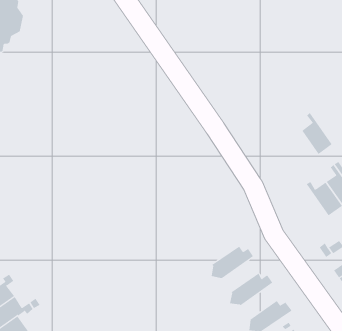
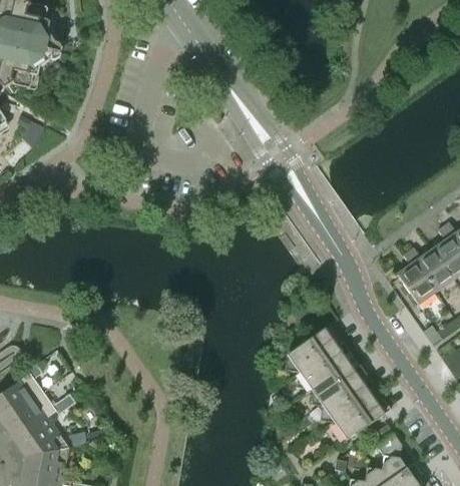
building: [301,112,333,155] -> [396,253,435,306]
building: none -> [300,343,350,388]
building: none -> [323,376,373,422]

